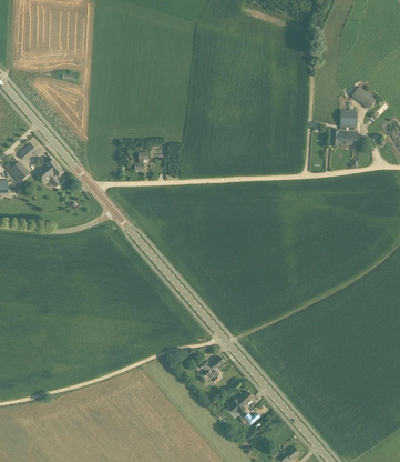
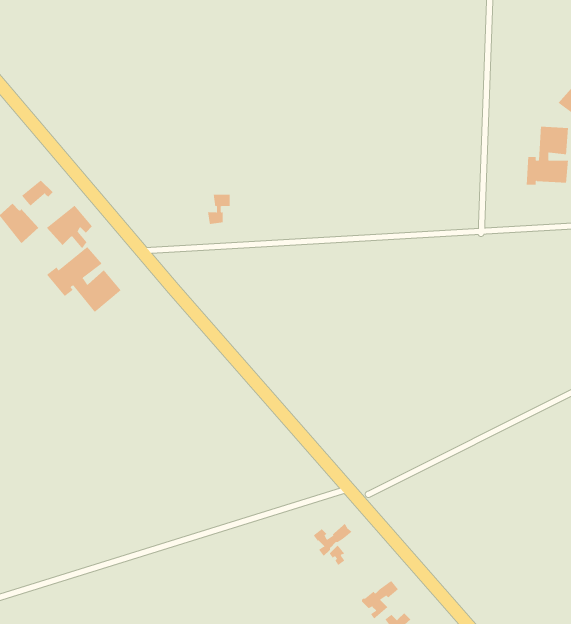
building: none -> [46,246,122,313]

